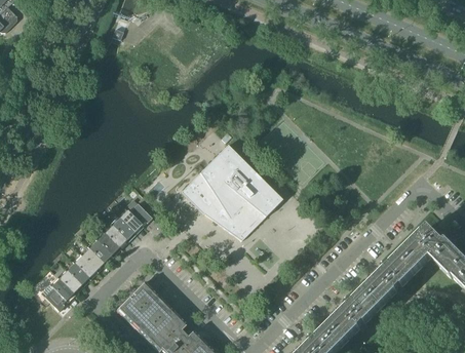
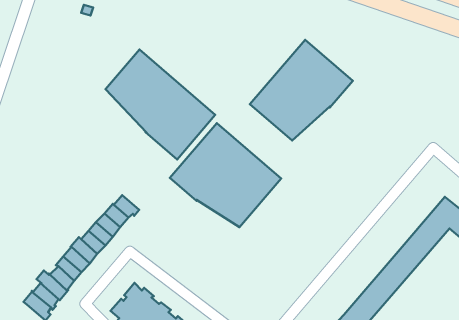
building: none -> [105,49,215,159]
building: none -> [250,40,353,141]

